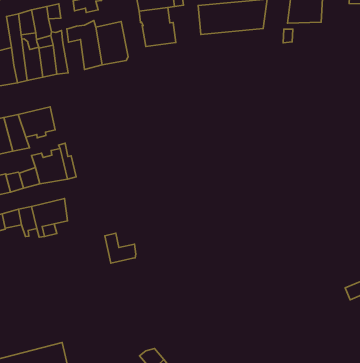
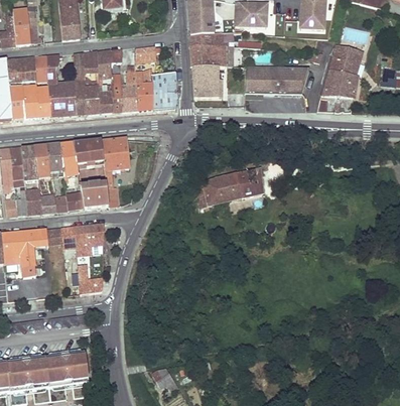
building: none -> [121,83,137,111]
building: none -> [102,137,129,169]
building: none -> [205,167,265,202]
building: [105,233,136,263] -> [78,266,103,292]

